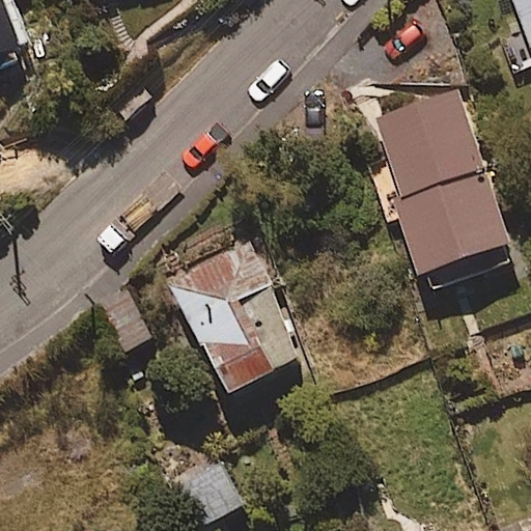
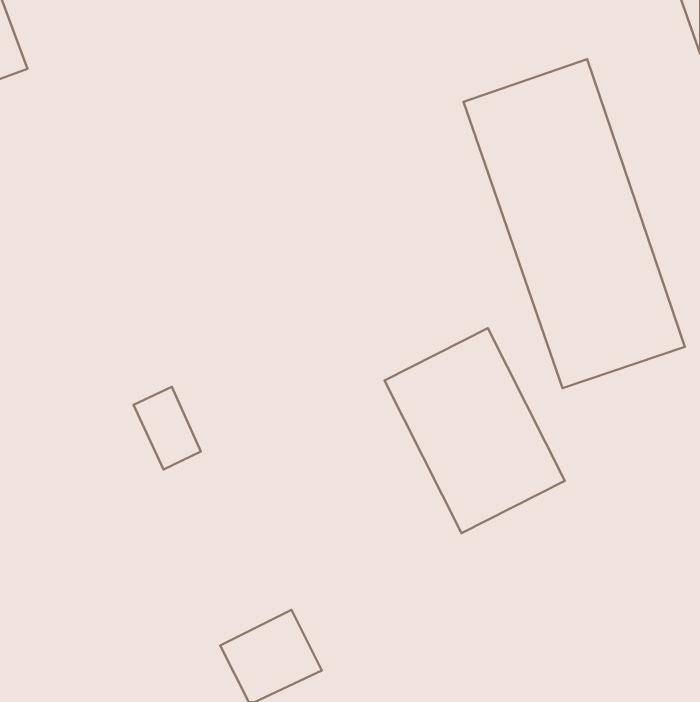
building: [169,242,305,396] -> [385,328,565,533]

